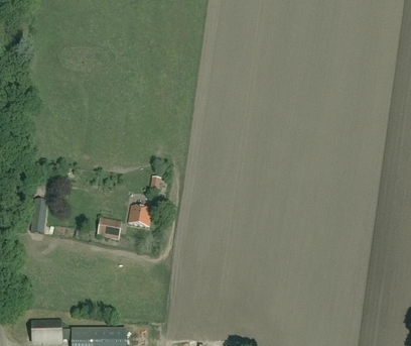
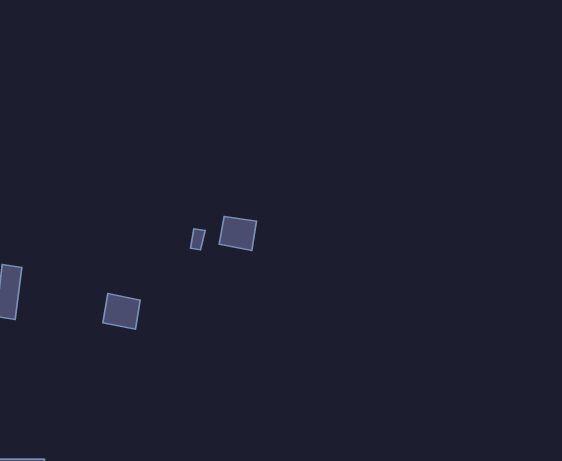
building: [128,204,151,225] -> [219,216,257,251]

